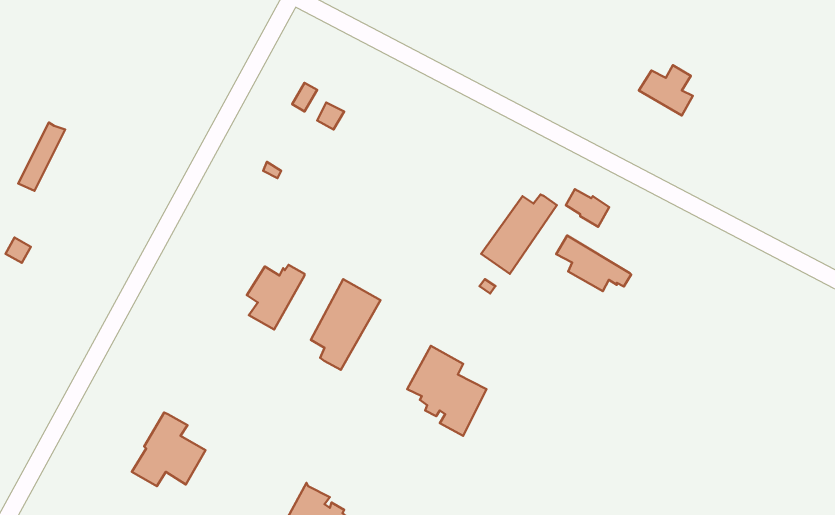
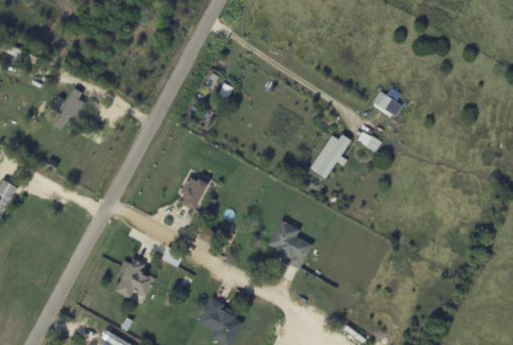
building: [639,65,693,116] -> [369,88,400,116]
building: [556,235,631,291] -> none
building: [311,279,380,370] -> none

